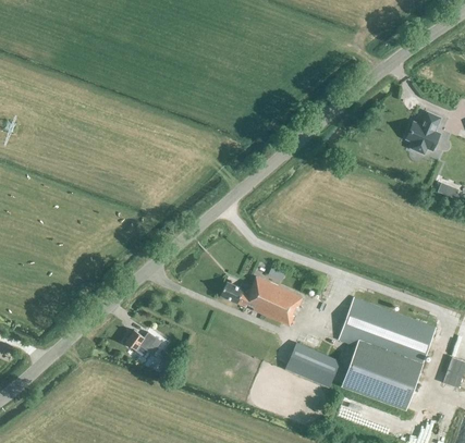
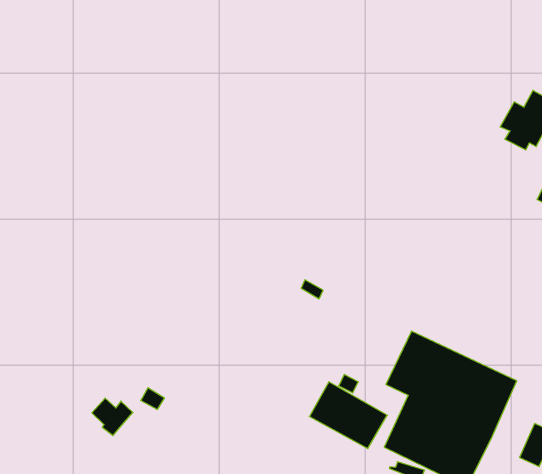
building: [221,276,303,327] -> none
building: [126,330,157,357] -> [92,398,133,436]

